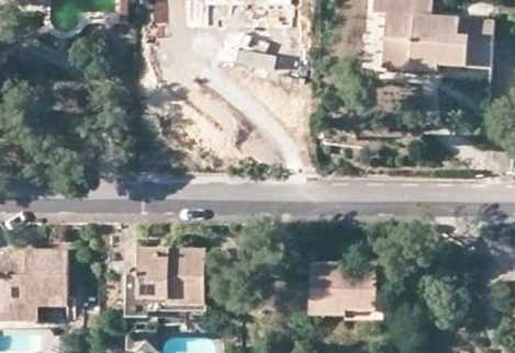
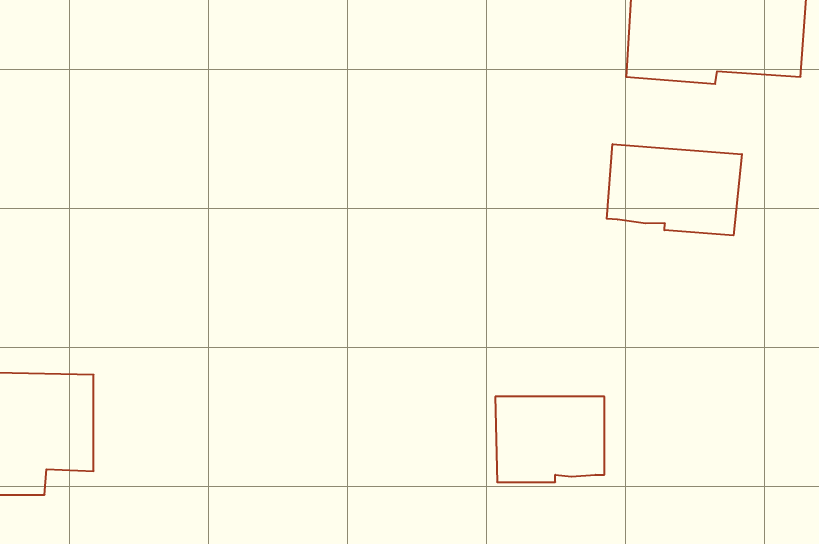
building: none -> [607,144,742,235]
building: [138,252,205,308] -> none

